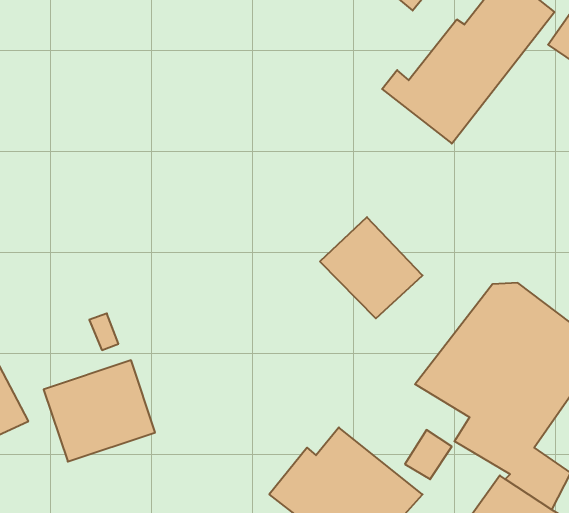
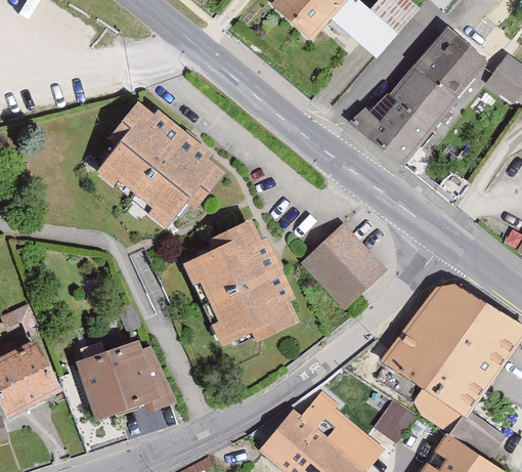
building: none -> [89,109,221,237]
building: none -> [180,217,298,354]

